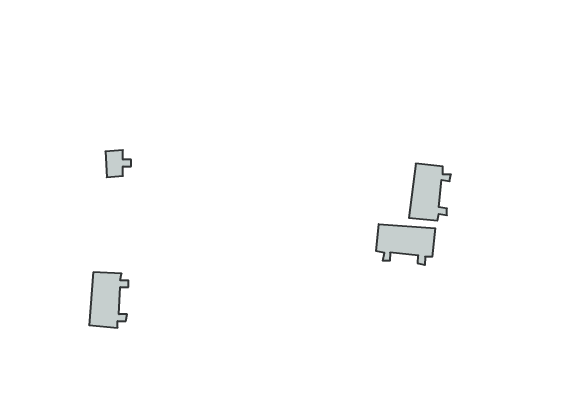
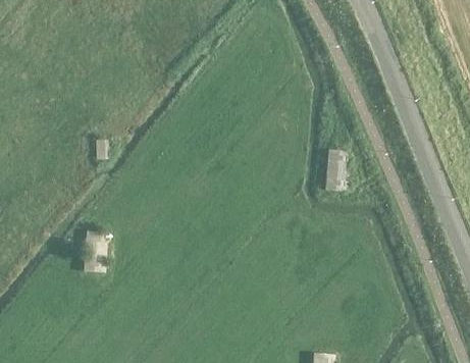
building: [376,224,435,265] -> none

